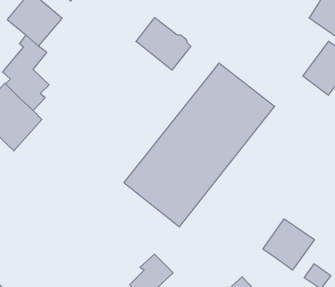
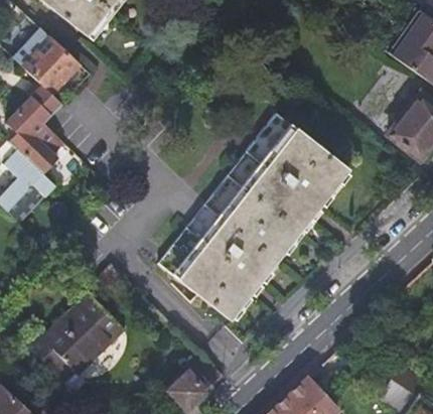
building: [136,18,191,70] -> none
building: none -> [26,295,124,377]
building: [263,219,314,270] -> none

